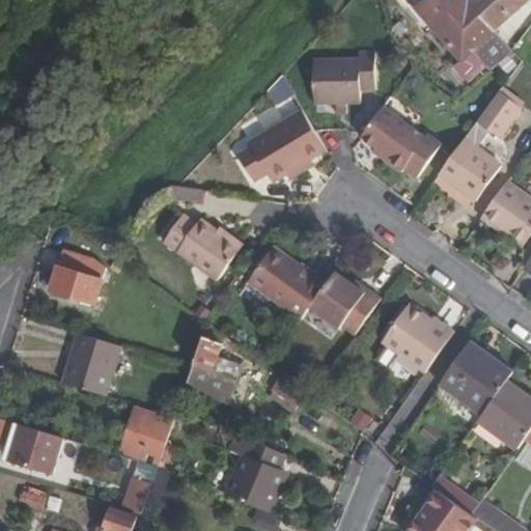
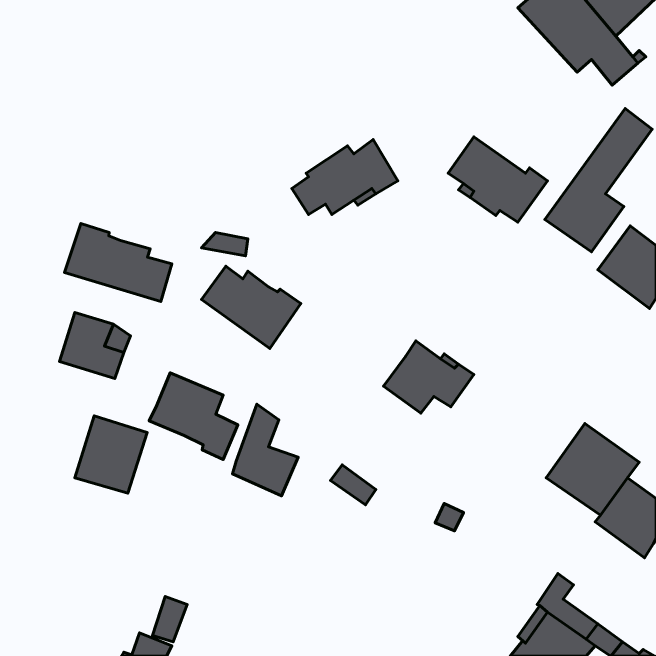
building: [310,52,373,105] -> none
building: none -> [64,223,172,302]
building: [248,249,326,322] -> none
building: none -> [149,373,238,460]
building: [383,307,453,373] -> none
building: [119,408,168,468] -> none
building: [12,429,56,465] -> none
building: [226,439,287,514] -> none

